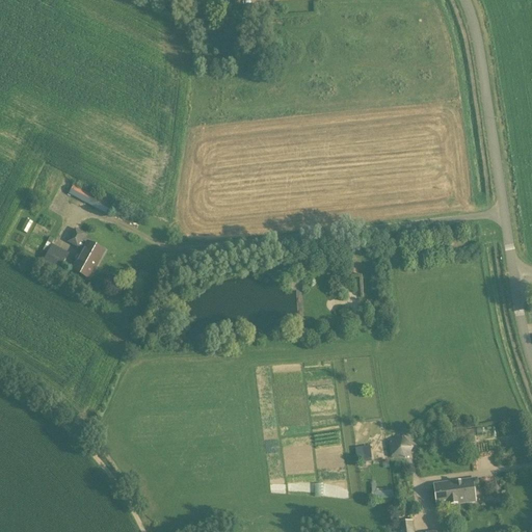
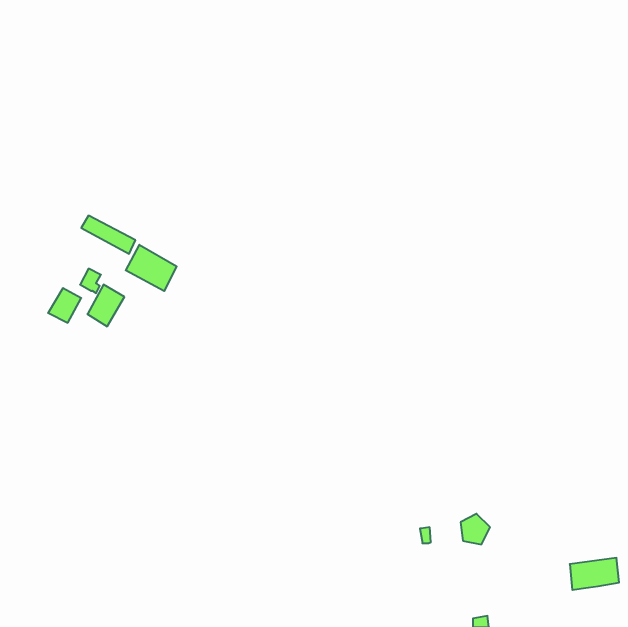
building: none -> [126,245,177,291]
building: [434,478,476,505] -> [570,558,619,590]

